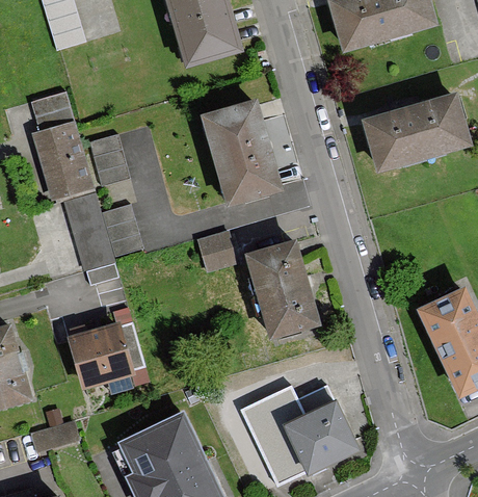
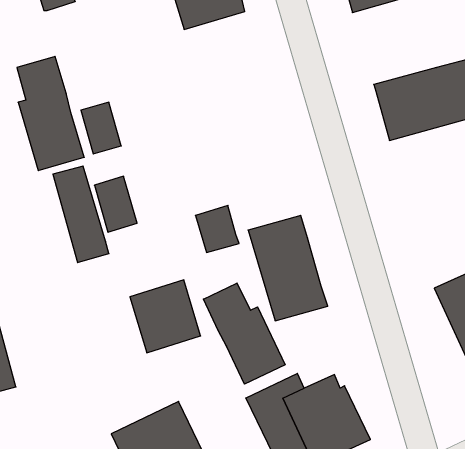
building: [200,100,281,206] -> none
building: none -> [203,283,285,384]
building: [68,321,133,389] -> [130,280,201,353]
building: [30,419,80,449] -> none

